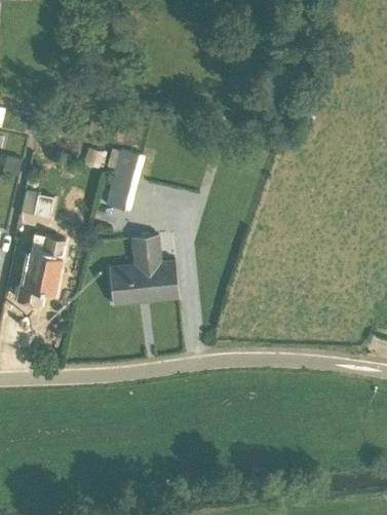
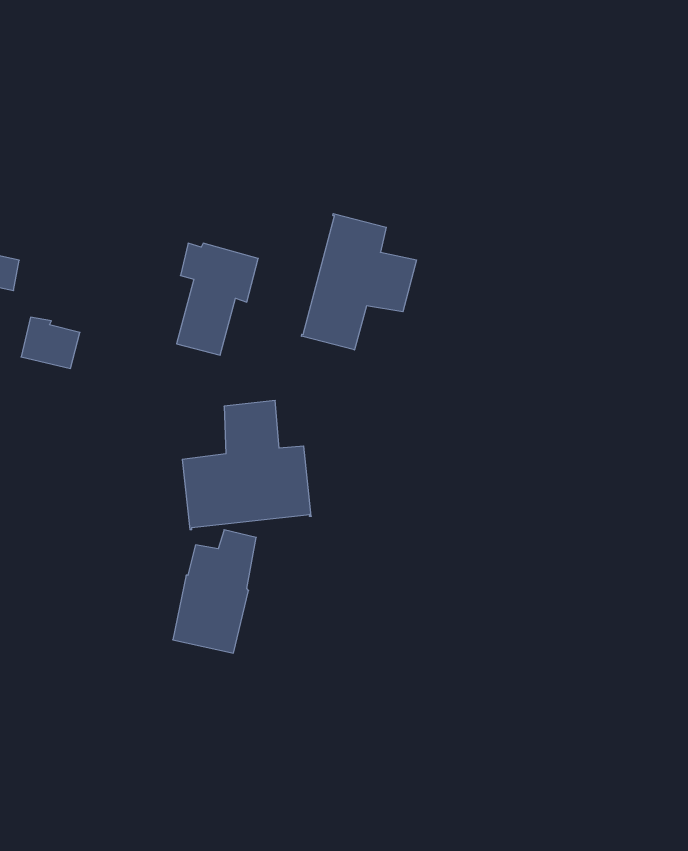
building: none -> [301,214,416,350]
building: [21,227,66,294] -> [173,530,256,653]

